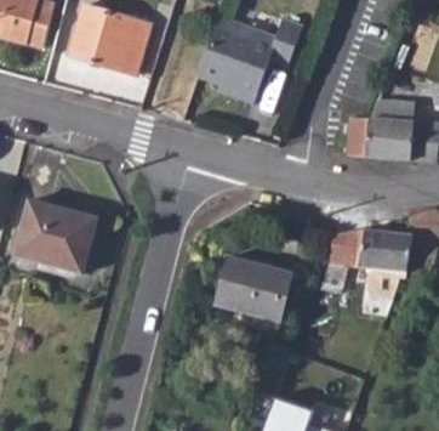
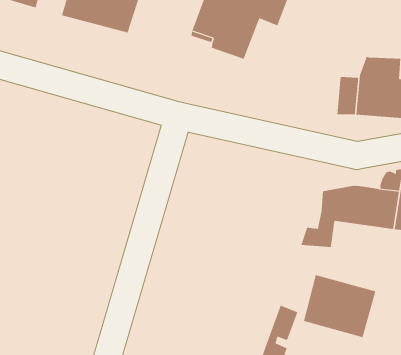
building: [15,200,96,274] -> none
building: [217,255,291,319] -> [303,274,376,338]

